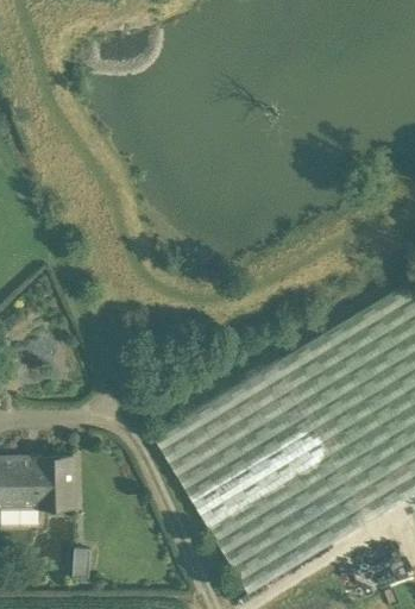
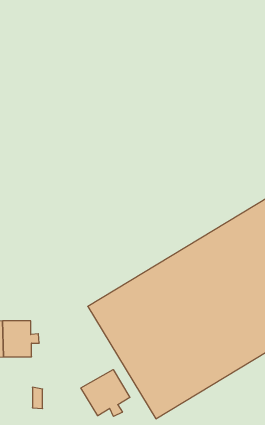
building: none -> [81,370,130,416]

